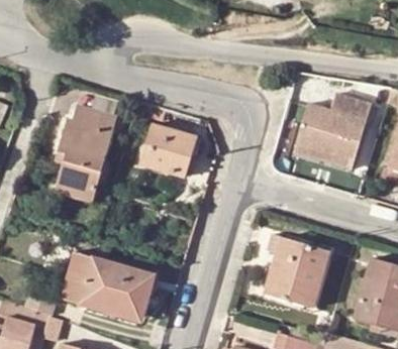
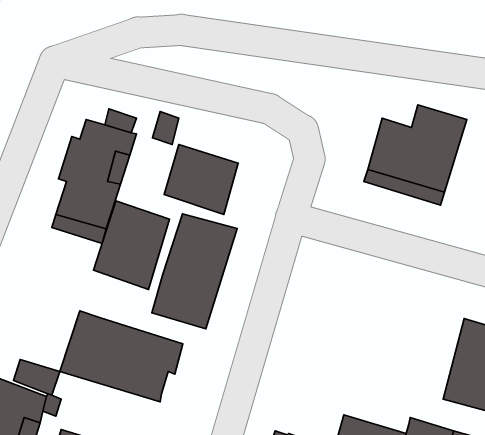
building: none -> [94,201,169,289]
building: none -> [152,214,237,329]
building: [263,235,328,309] -> none

